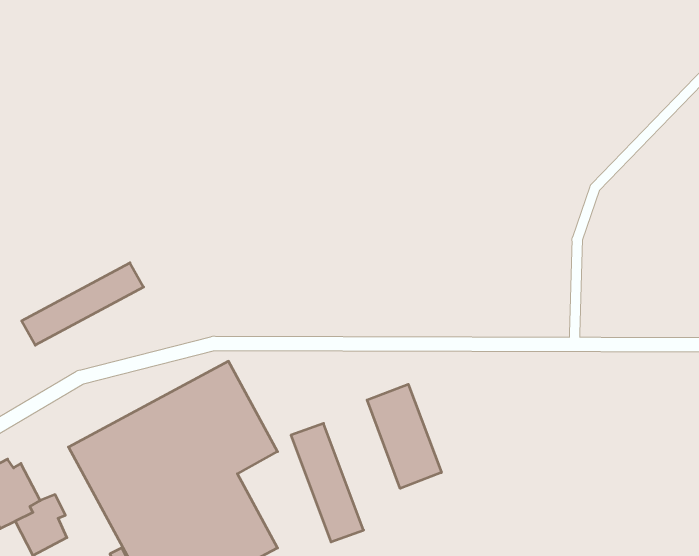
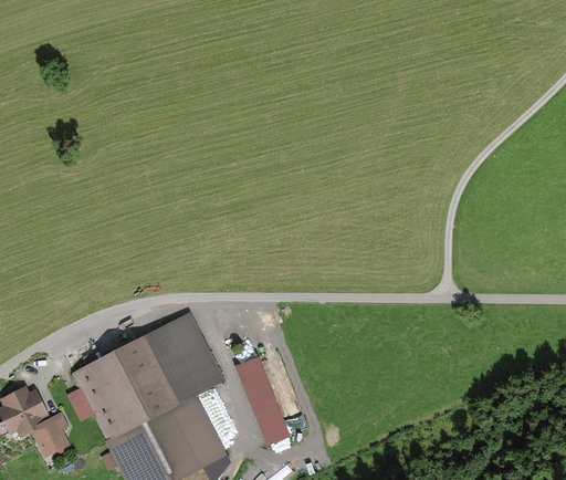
building: [22,263,144,345] -> none
building: [367,384,441,488] -> none

